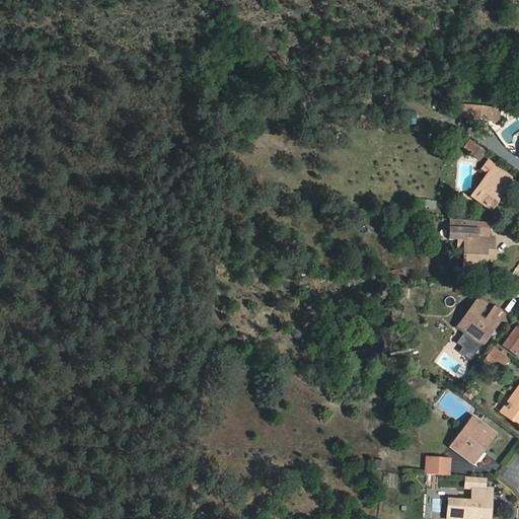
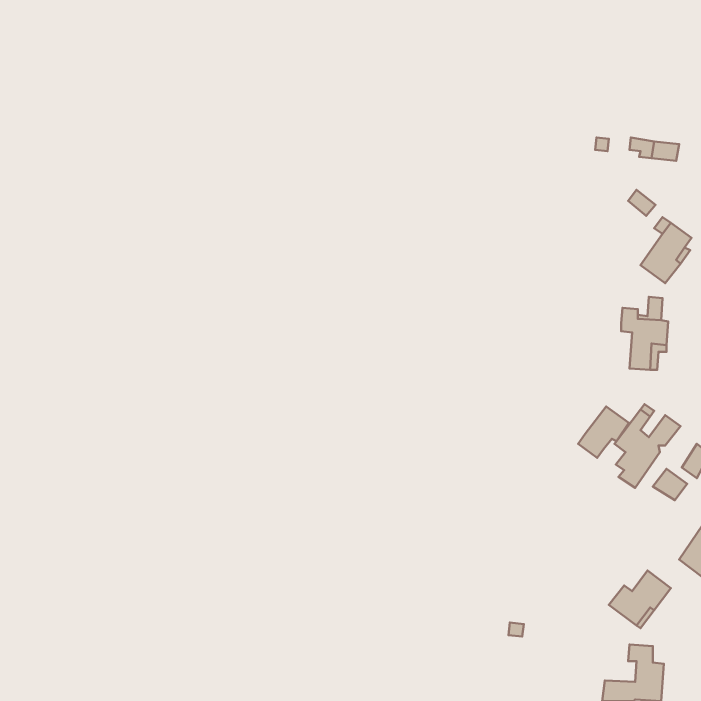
building: [449,217,479,238] -> none
building: none -> [578,406,629,458]
building: [426,456,449,474] -> none

